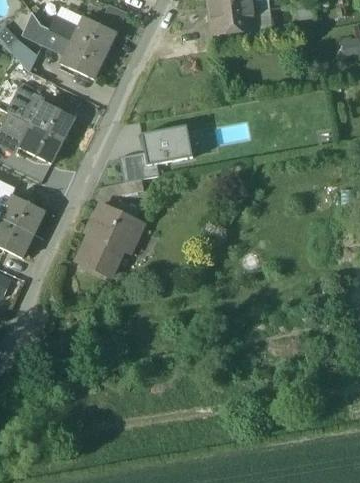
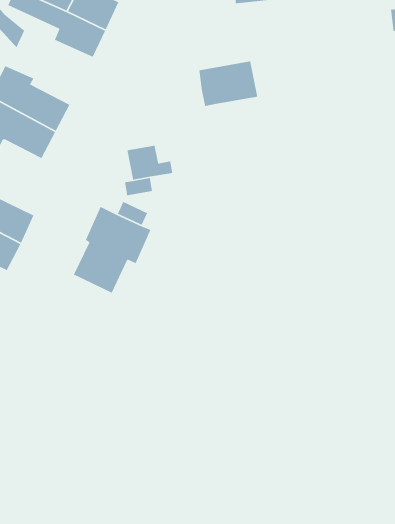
building: [144,127,194,166] -> [198,60,258,107]

